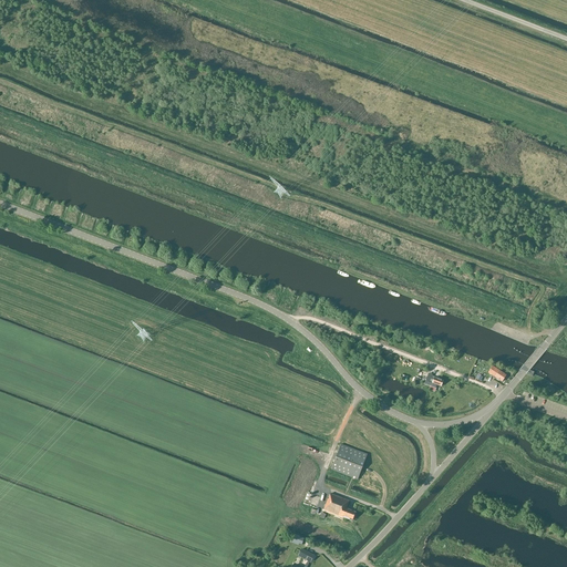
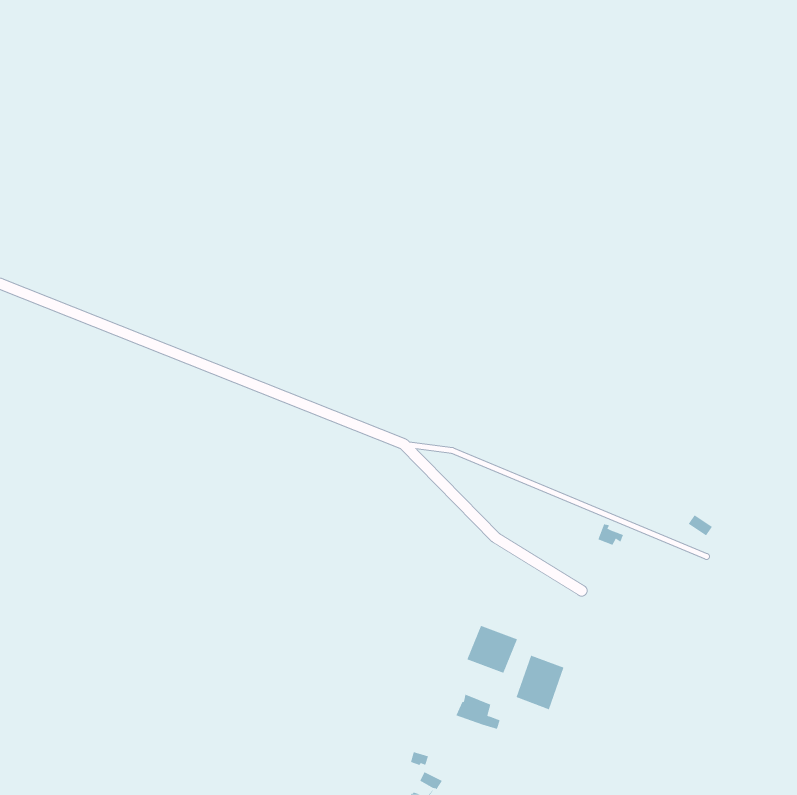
building: none -> [516,655,564,710]

